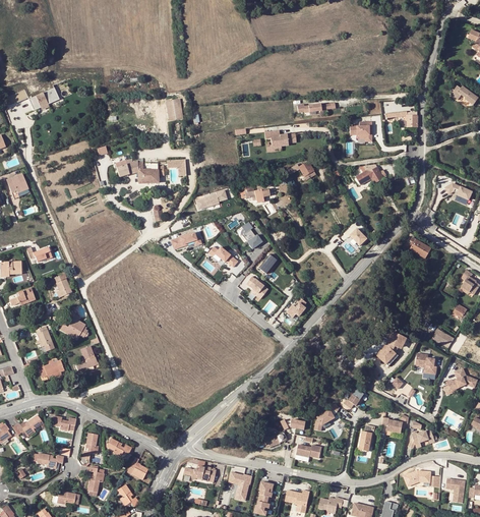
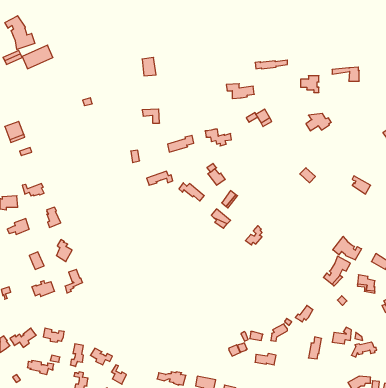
building: none -> [5,16,35,50]
building: [116,158,163,182] -> none
building: none -> [333,236,362,260]

